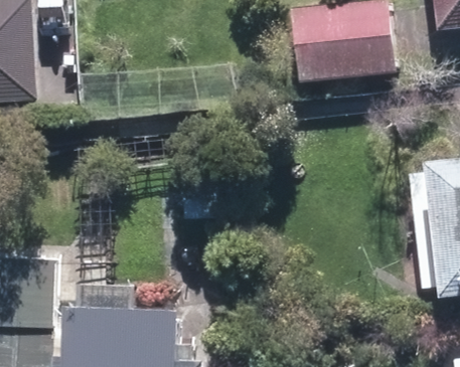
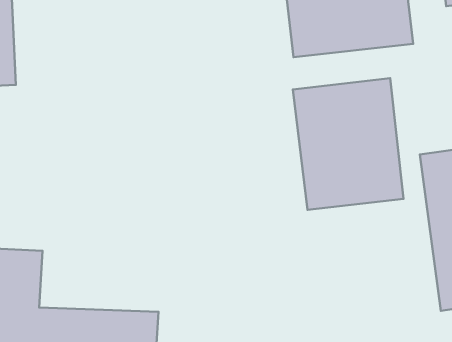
building: none -> [293,78,404,210]

